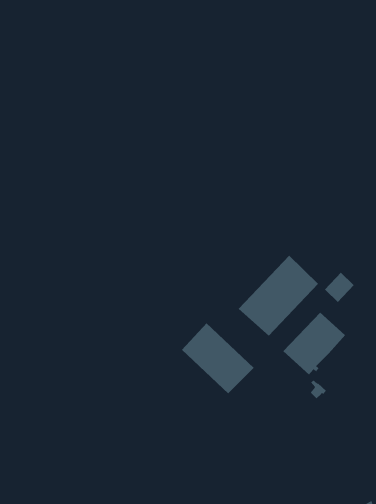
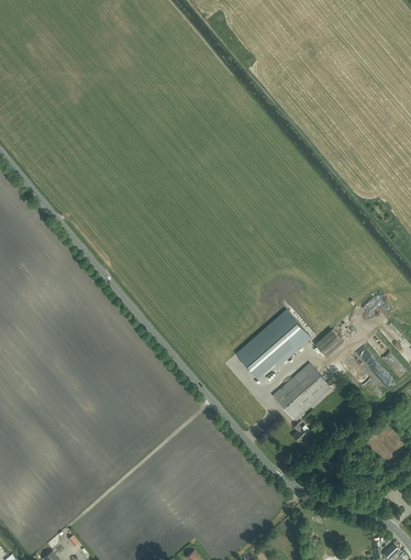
building: [181,323,255,394] -> none

